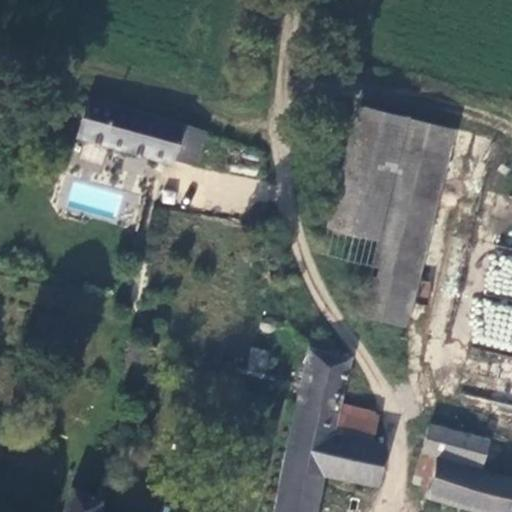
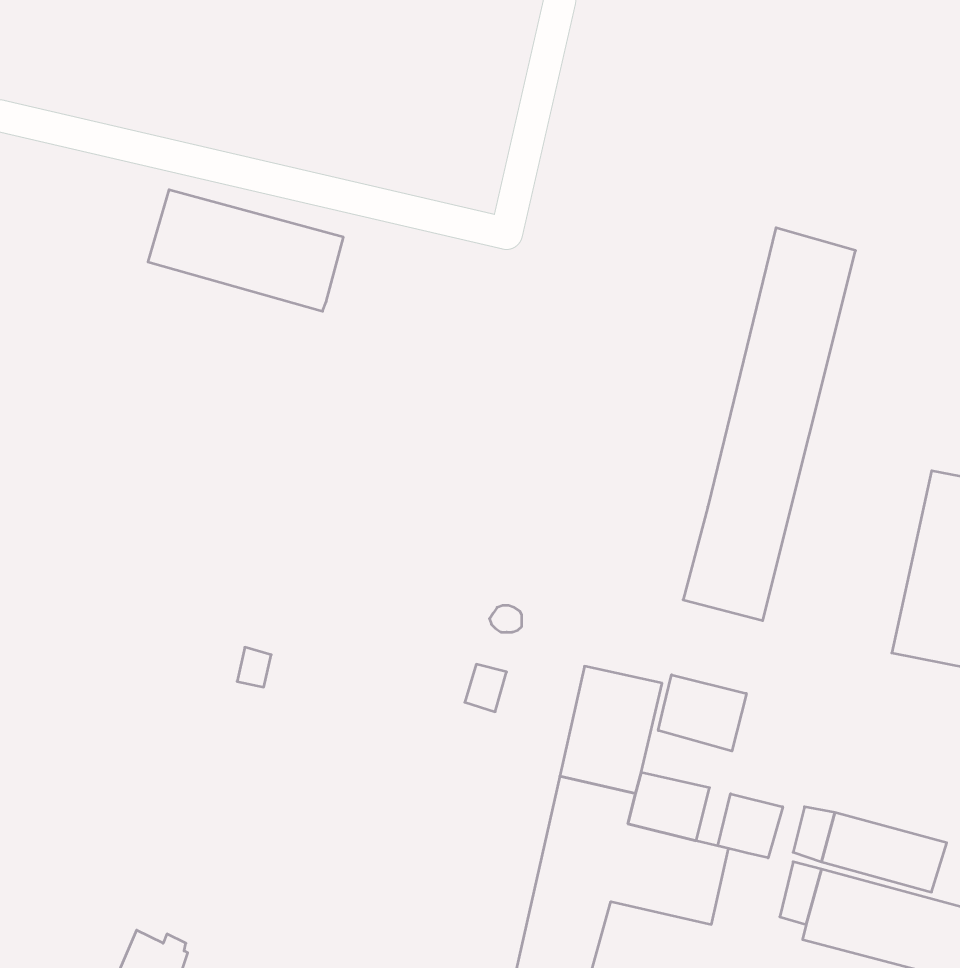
building: [326,106,414,268] -> none
building: [177,126,209,166] -> none
building: none -> [658,675,746,751]
building: none -> [718,794,783,858]

